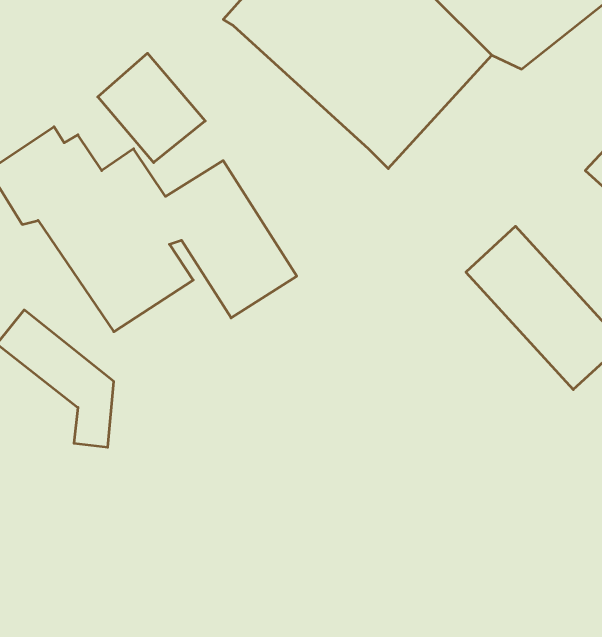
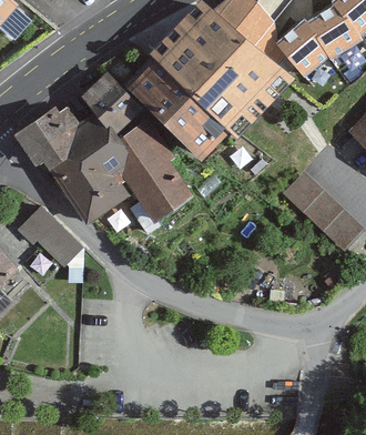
building: none -> [123,52,226,152]

